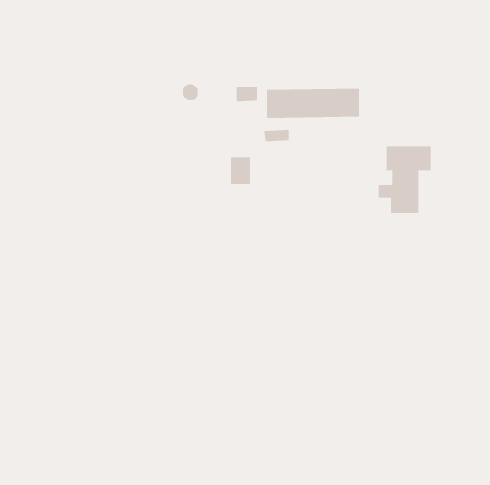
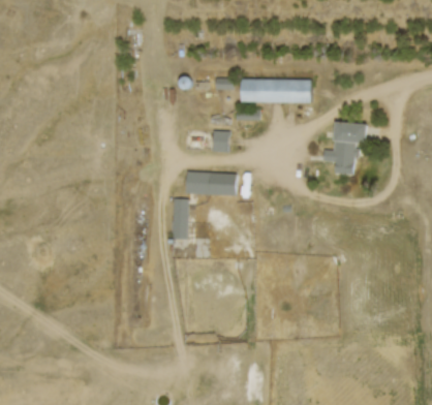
building: none -> [188,174,240,194]
building: none -> [173,199,188,237]

